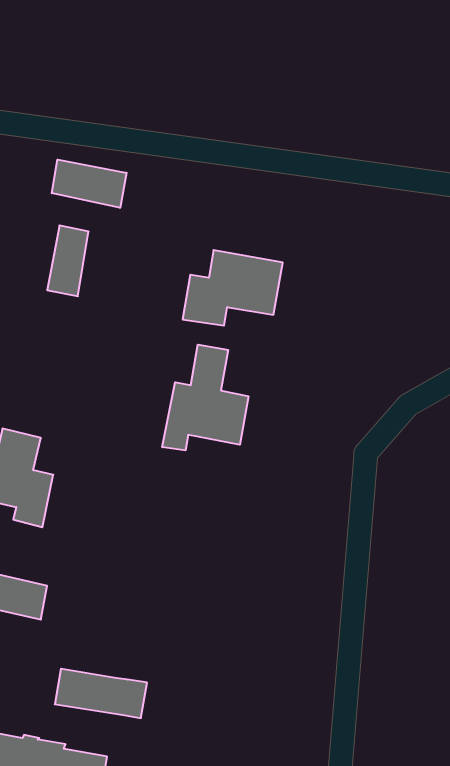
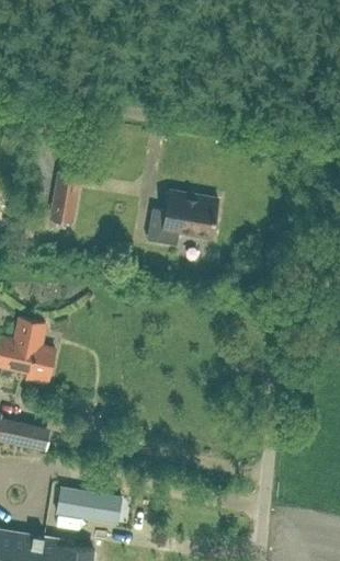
building: [52,160,127,208] -> none
building: [162,345,248,450] -> none

